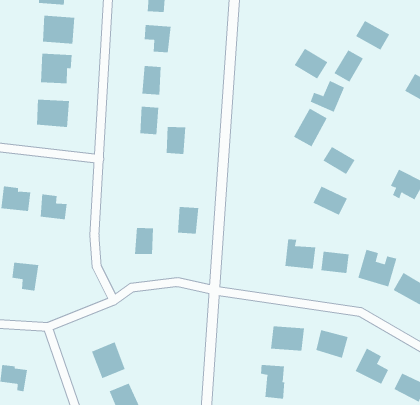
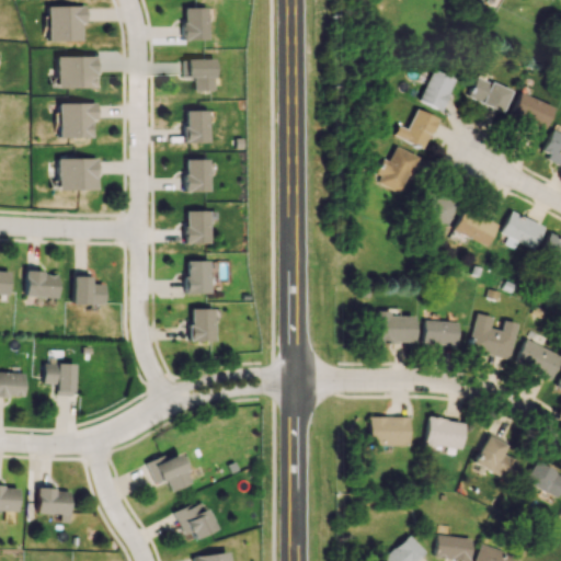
building: [355,20,390,51] -> [471,77,514,113]
building: [294,48,328,80] -> none
building: [166,127,186,155] -> [187,210,211,244]
building: [313,186,348,216] -> [455,210,497,245]
building: [177,206,199,234] -> [187,261,213,294]
building: [261,364,285,400] -> none

